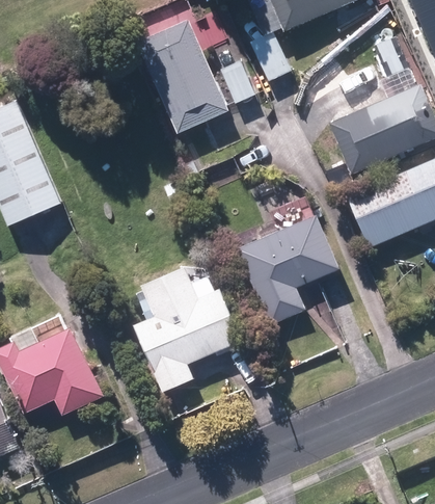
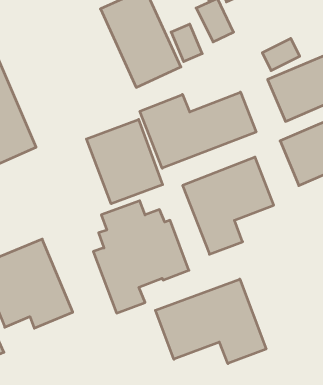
building: none -> [140,92,256,168]
building: none -> [86,119,163,204]
building: none -> [155,279,266,364]

